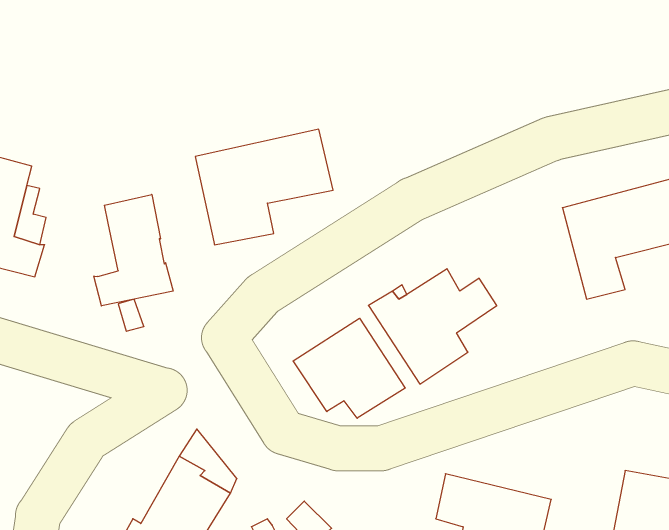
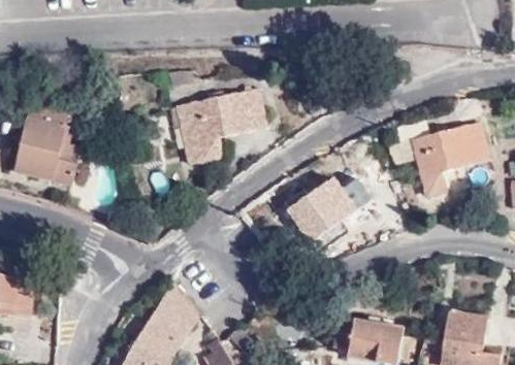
building: [94,194,173,306] -> none
building: [293,318,405,418] -> none

